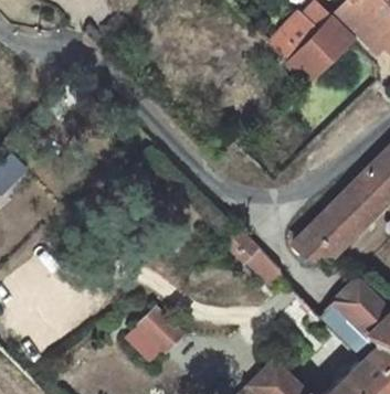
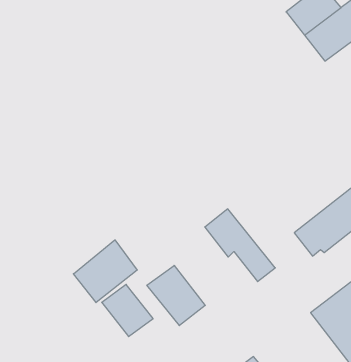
building: none -> [73,240,137,303]
building: none -> [147,265,205,326]

